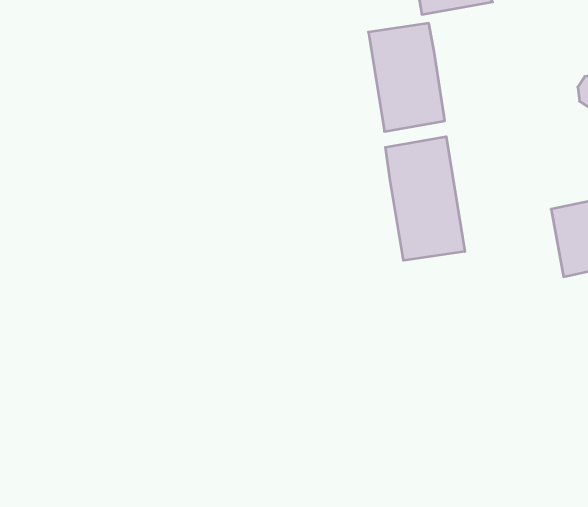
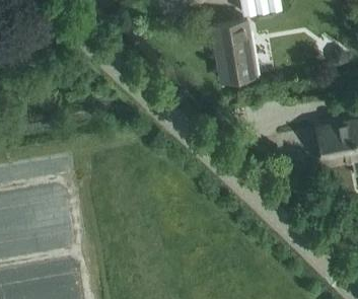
building: [385,137,465,260] -> none

